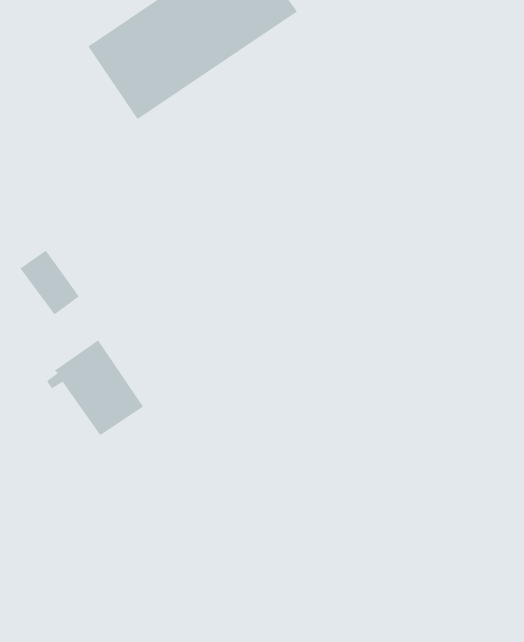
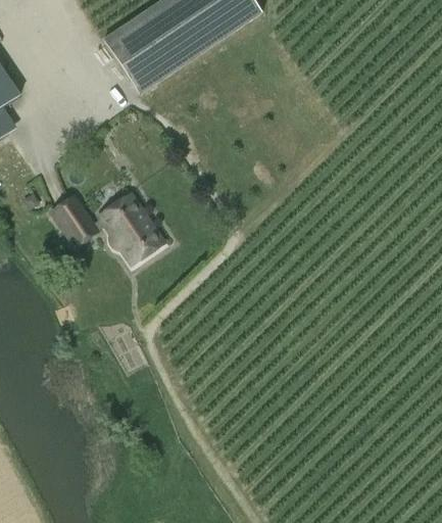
building: [46,340,144,436] -> [91,192,165,266]

